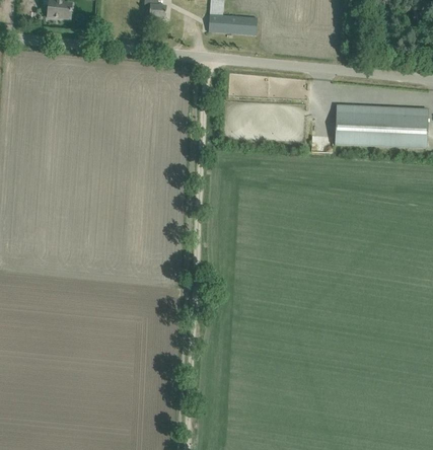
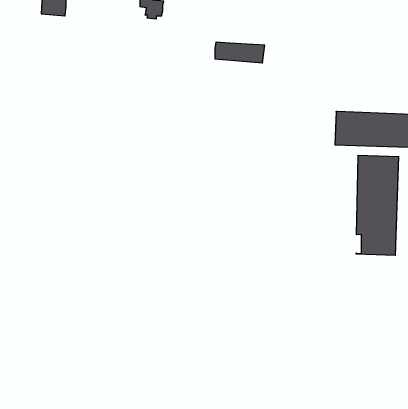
building: [209,14,258,34] -> [215,42,265,63]
building: none -> [356,155,399,255]

